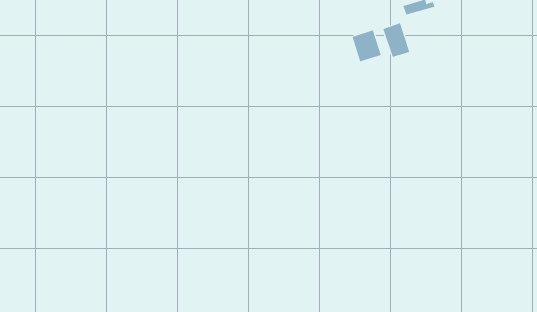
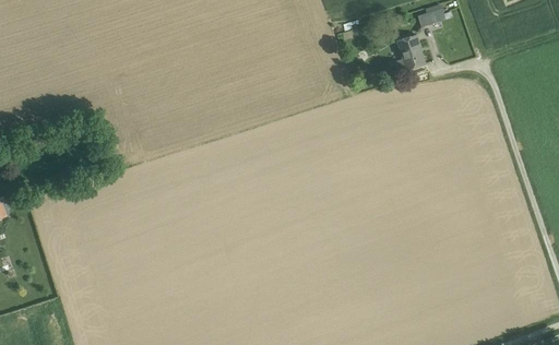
building: [352,29,381,62] -> none

